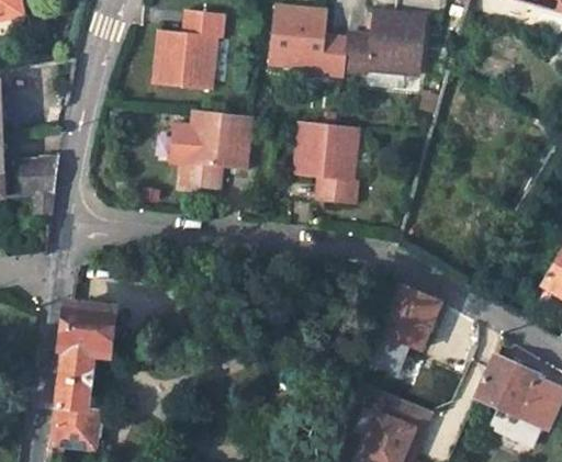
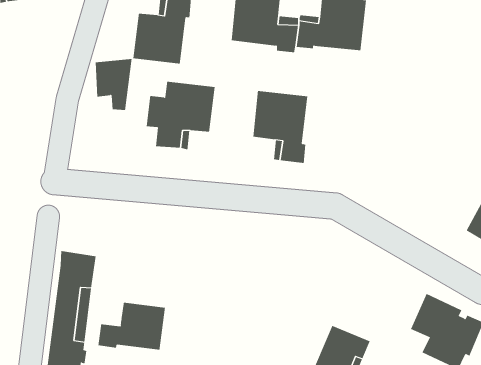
building: [16,153,60,213] -> [95,58,132,110]
building: [369,279,441,372] -> none
building: none -> [98,302,166,351]

